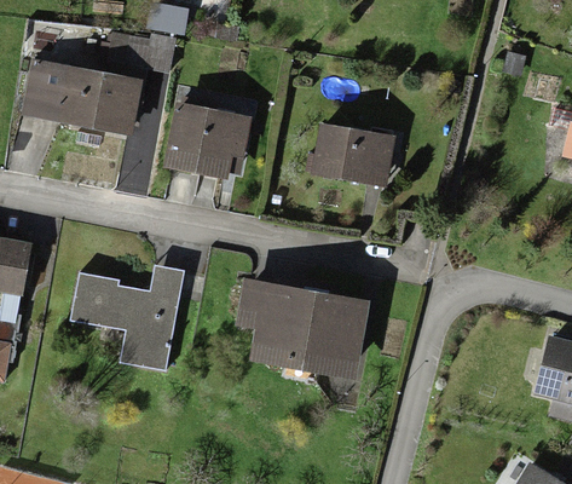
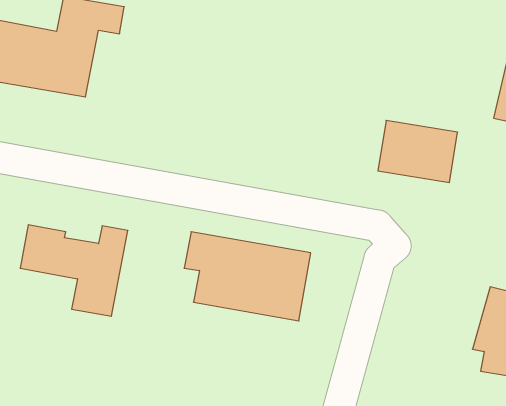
building: [163,100,256,180] -> none
building: [313,122,395,186] -> [378,120,458,183]

